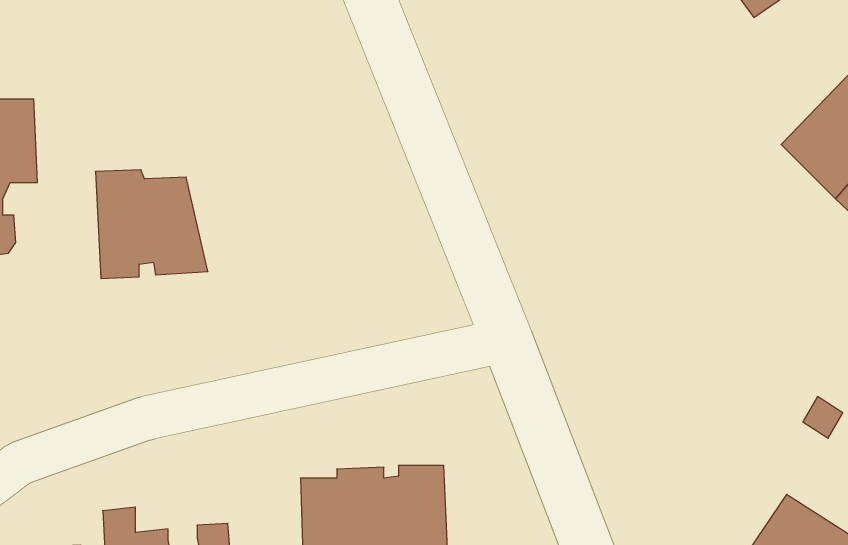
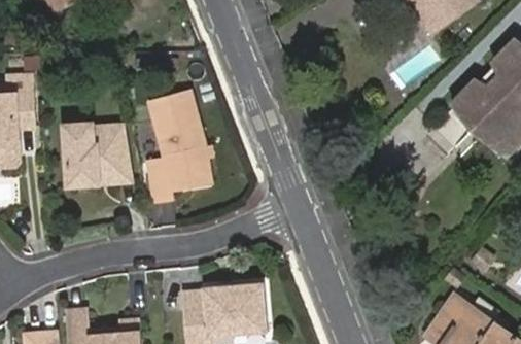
building: none -> [151,98,211,201]

